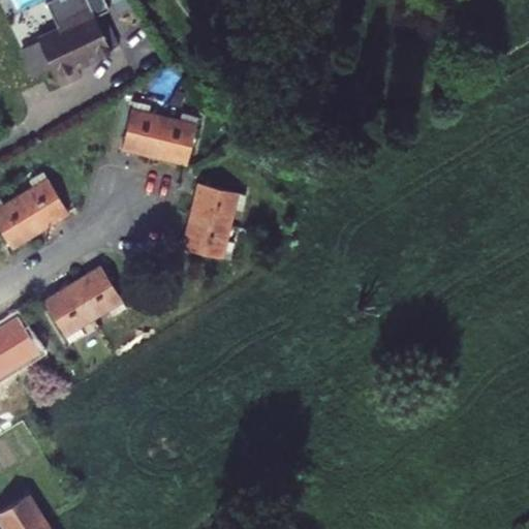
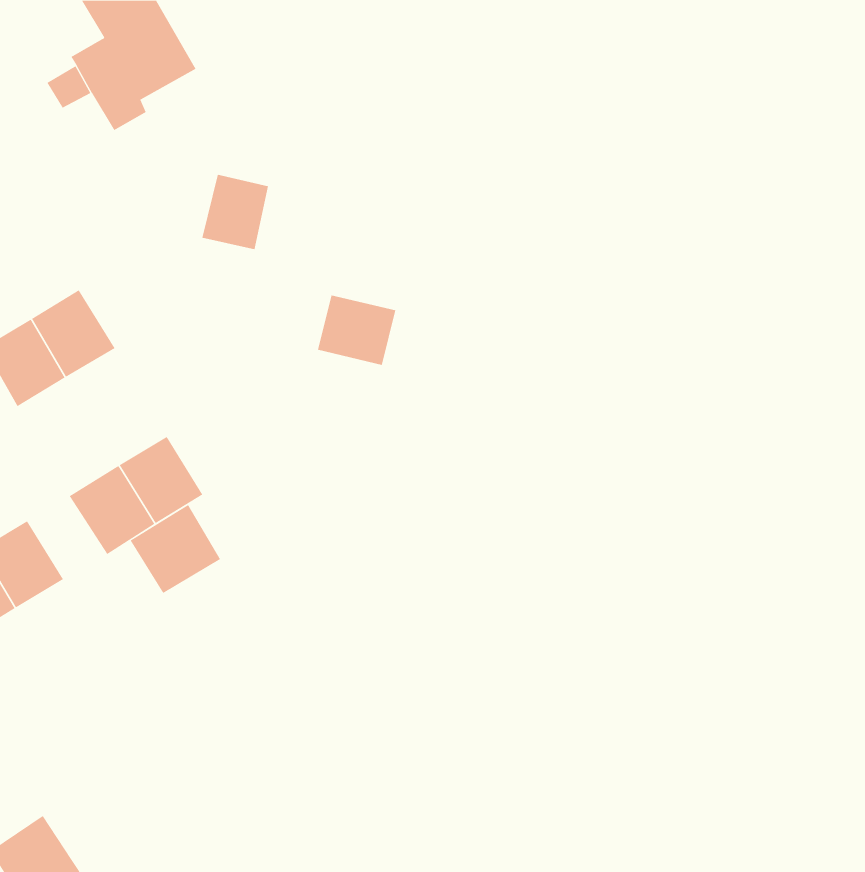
building: [153,117,195,163] -> none
building: [183,215,229,258] -> none
building: none -> [130,504,221,594]

